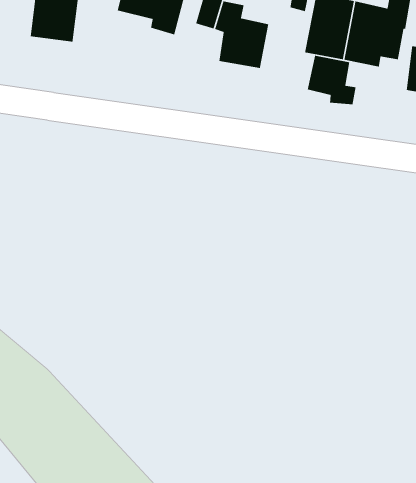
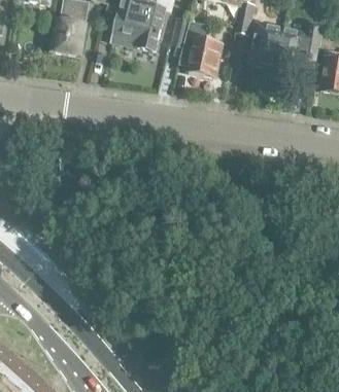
building: [307,55,357,105] -> none

